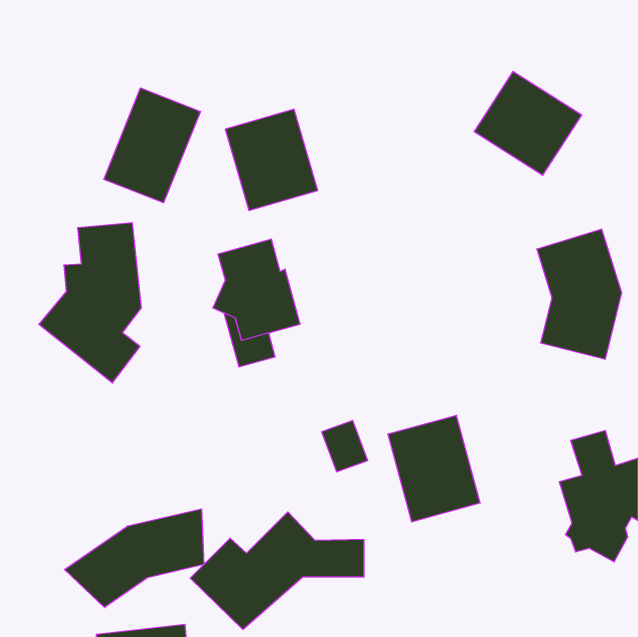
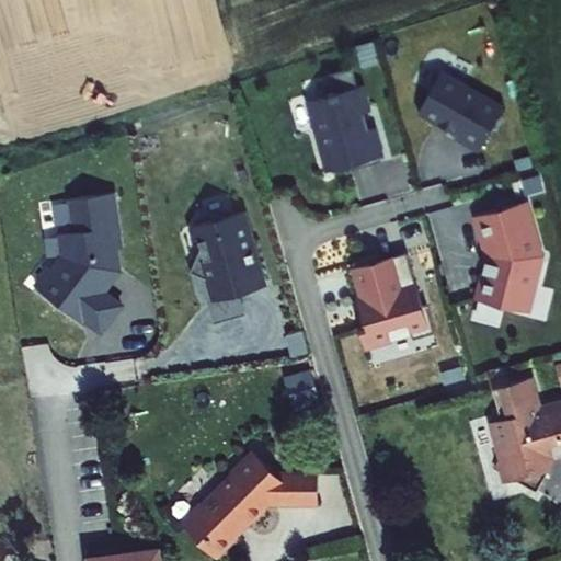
building: [104,88,200,203] -> none
building: [225,109,318,211] -> [304,87,385,175]
building: [388,415,480,522] -> [347,255,428,348]
building: [64,509,204,608] -> none

